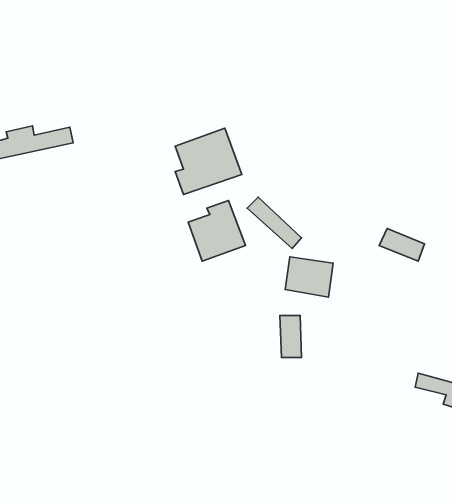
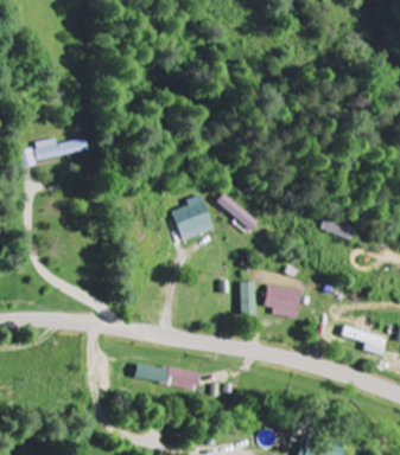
building: [175,128,242,195] -> none
building: [285,257,333,297] -> [265,286,301,316]
building: none -> [134,363,198,389]

